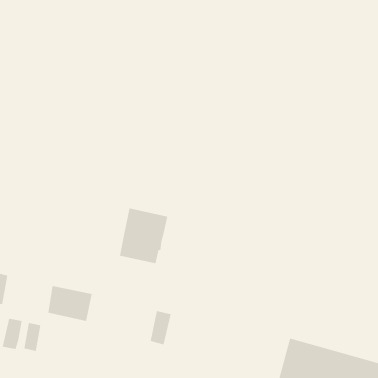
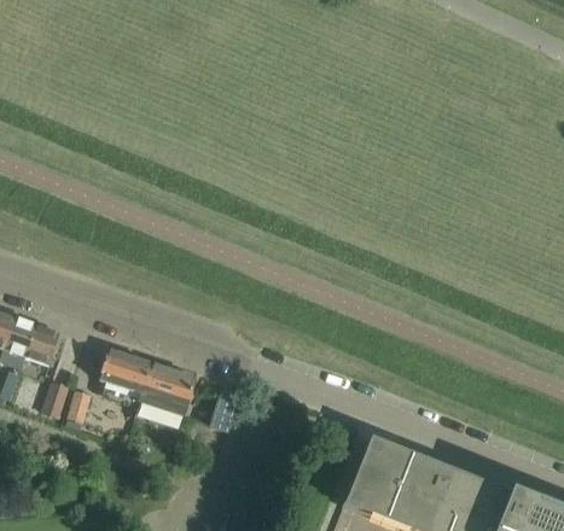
building: [119,208,168,264] -> [136,362,197,428]

